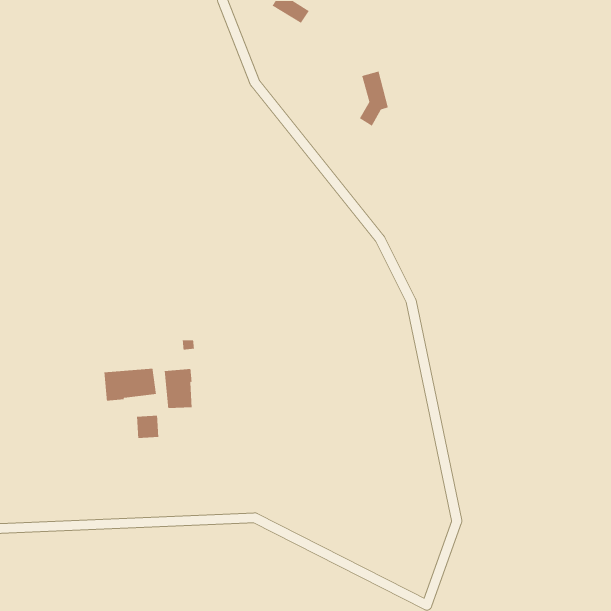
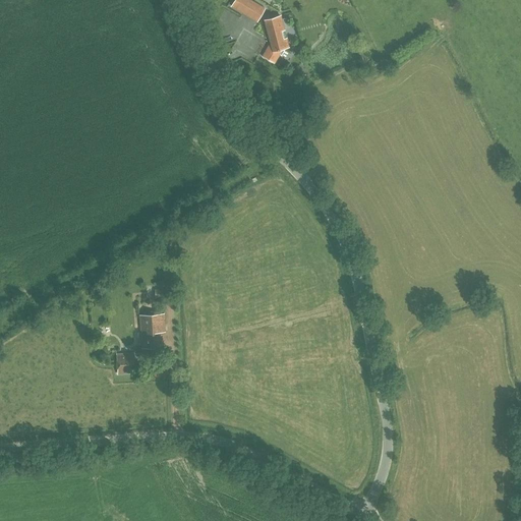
building: [359,71,389,127] -> [263,15,288,63]
building: [103,368,157,401] -> none

